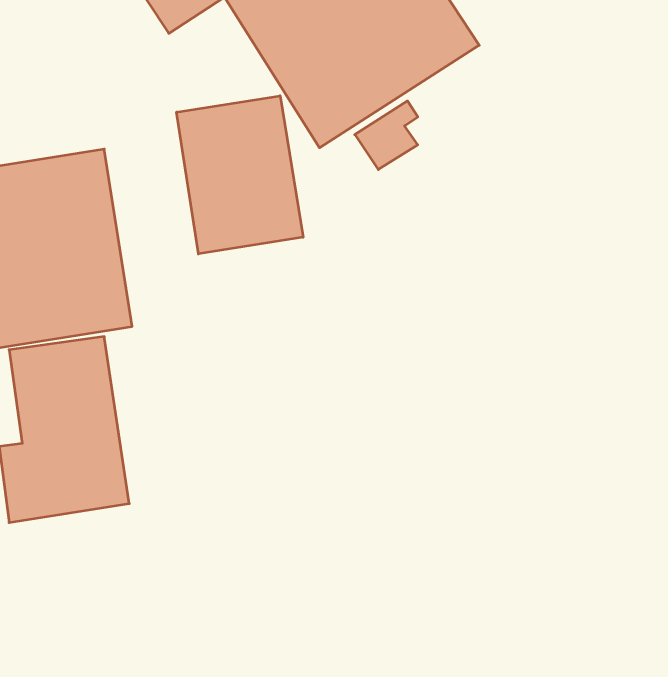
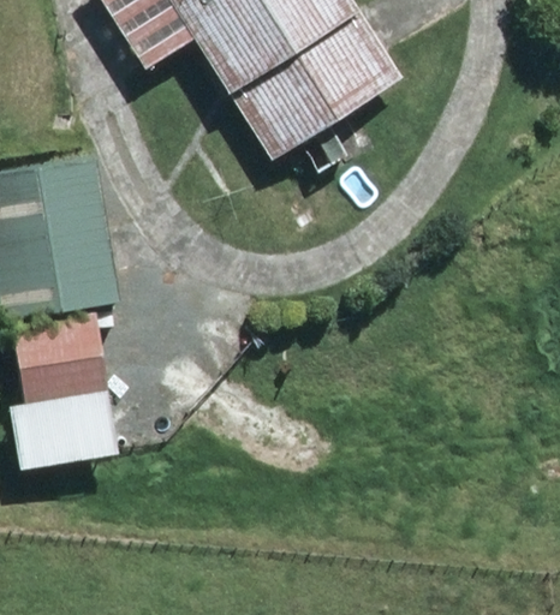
building: [177,96,303,254] -> none

